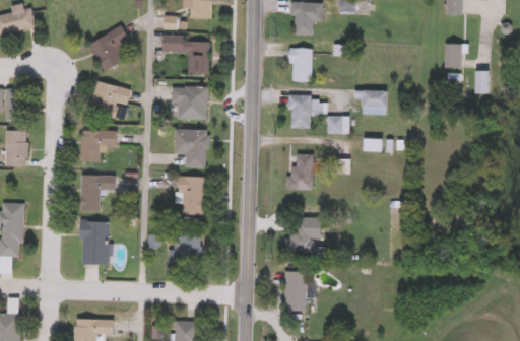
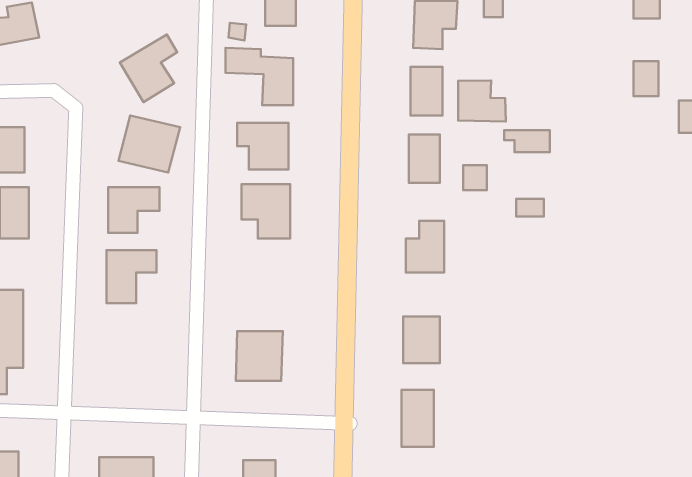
building: none -> [458,81,506,122]
building: [180,177,204,215] -> none
building: [81,220,108,265] -> none

